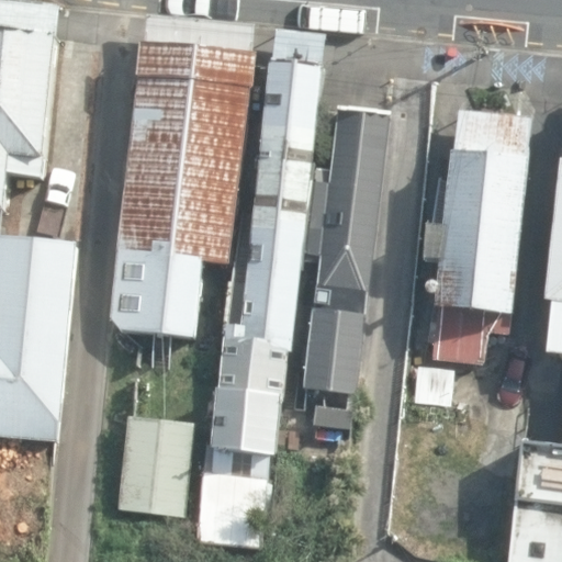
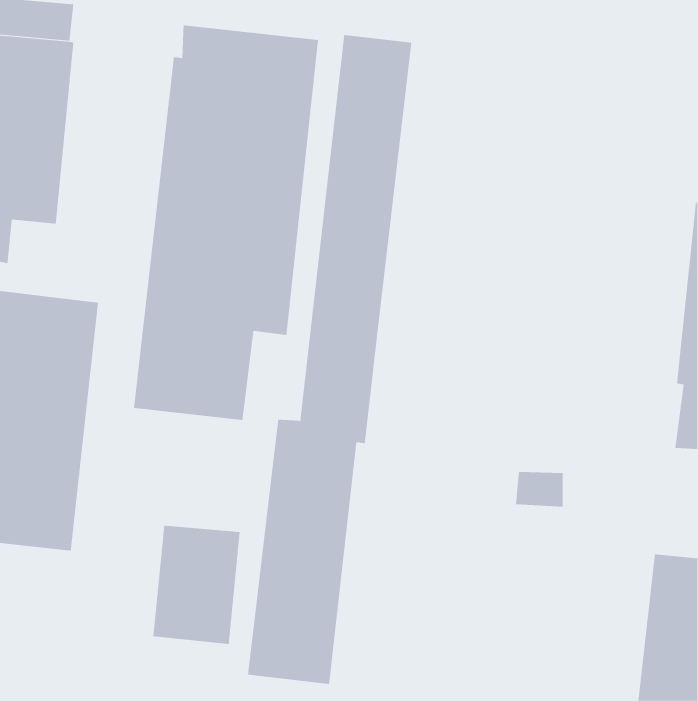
building: [302,110,392,396] -> none
building: [415,110,530,368] -> none

